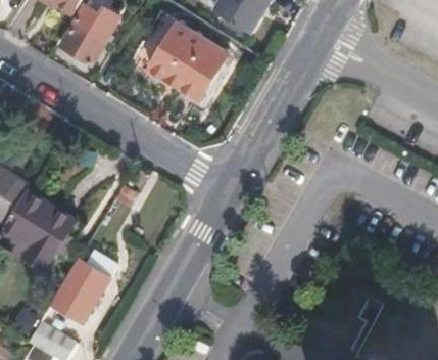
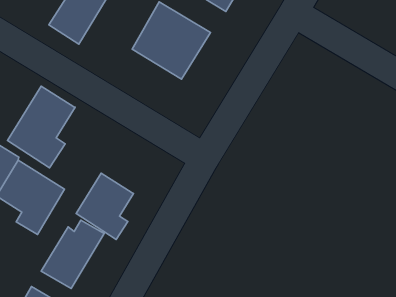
building: none -> [8,86,75,168]
building: none -> [76,173,133,239]

